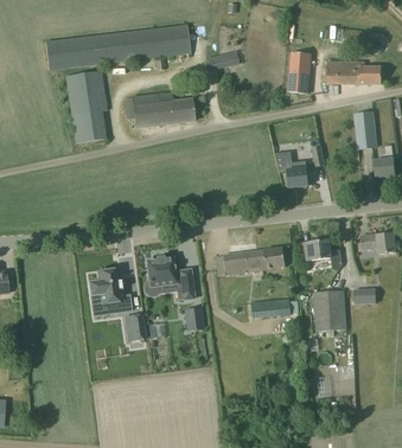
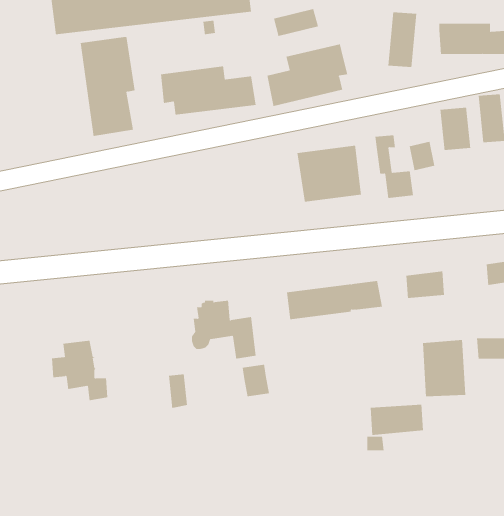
building: none -> [267,44,348,107]
building: none -> [440,107,471,151]
building: none -> [297,145,361,203]
building: [90,268,132,312] -> [51,340,108,401]
building: [251,295,291,318] -> [370,404,424,435]

